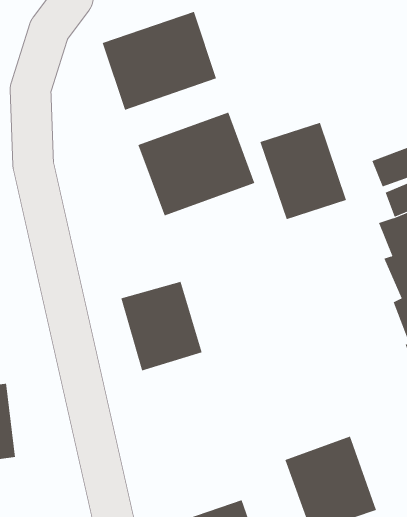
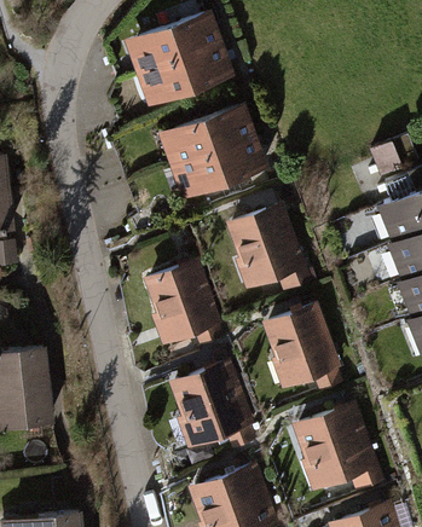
building: [260,122,347,220] -> [225,202,305,291]
building: none -> [265,302,342,387]
building: none -> [172,361,253,447]

